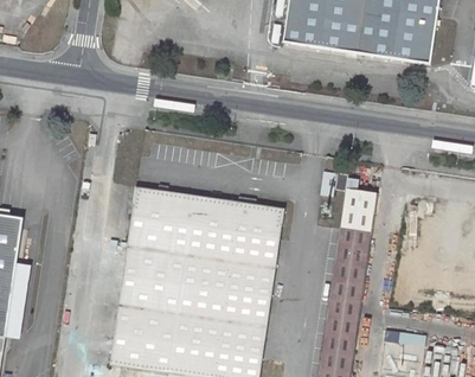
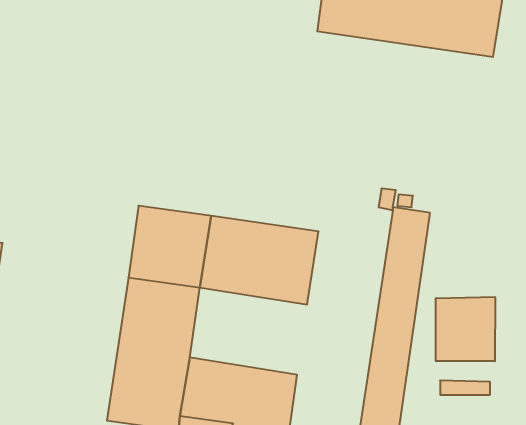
building: [179,255,276,327] -> none
building: none -> [436,297,495,361]

